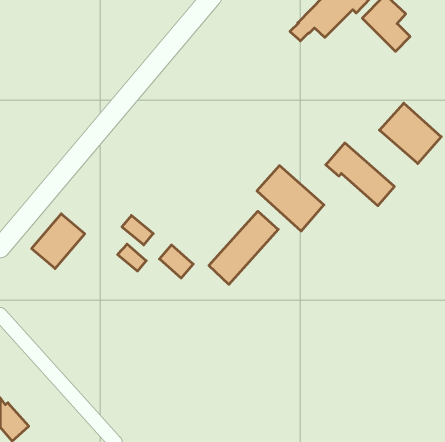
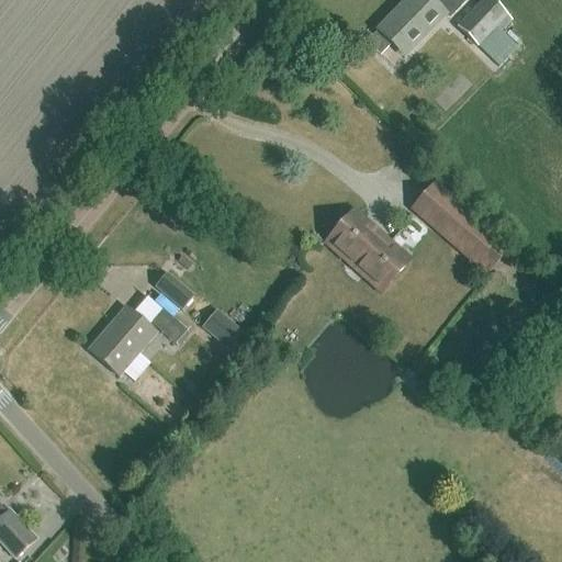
building: [379,103,441,164] -> none
building: [209,211,278,284] -> none
building: [32,214,85,269] -> [87,305,154,374]

